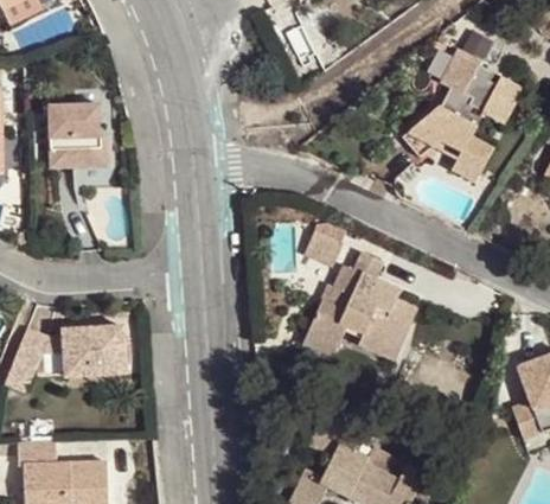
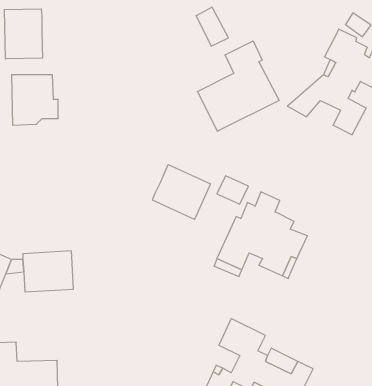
building: none -> [4,9,43,59]
building: none -> [197,41,279,131]
building: none -> [152,165,211,219]

